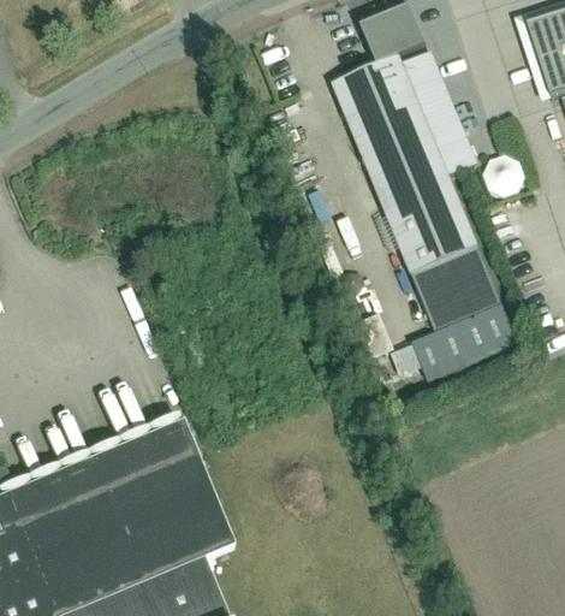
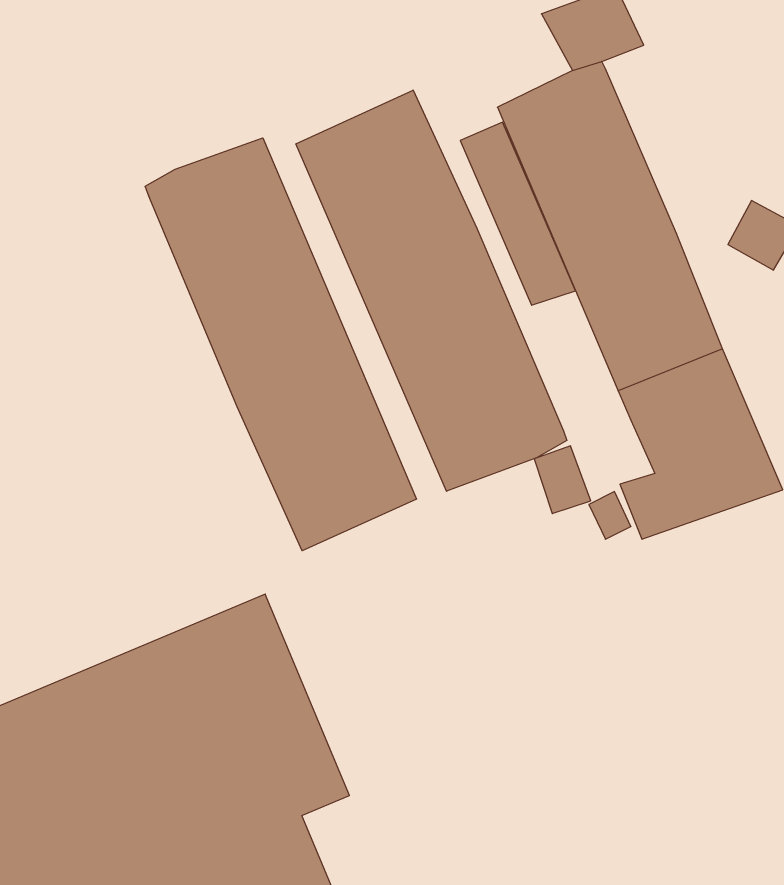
building: [404,55,480,176] -> [460,122,575,305]
building: none -> [296,90,567,491]
building: none -> [145,138,416,551]

